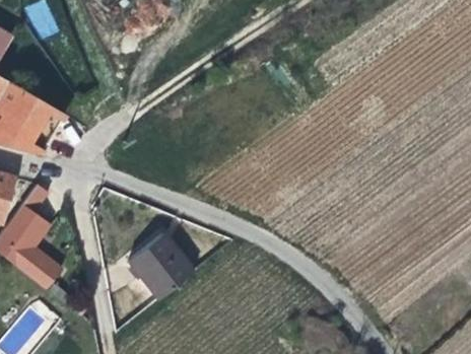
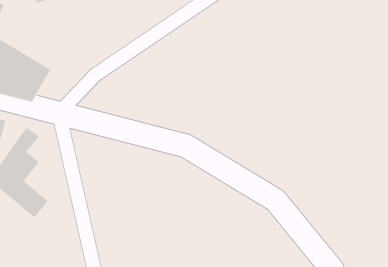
building: [127,234,191,300] -> none

